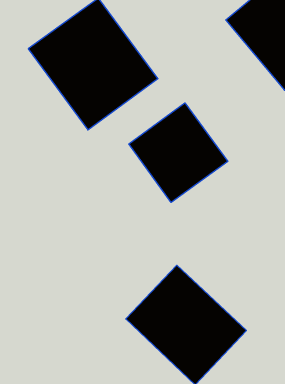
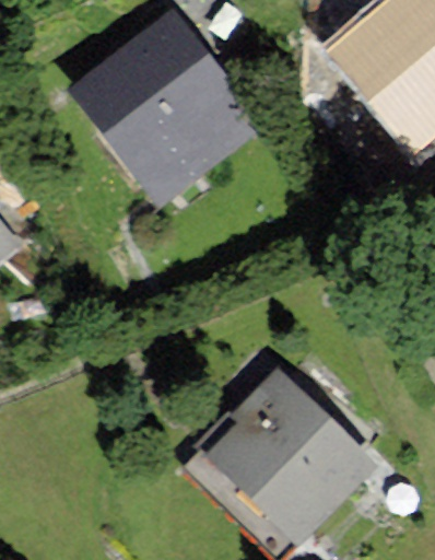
building: [129,103,228,202] -> none

